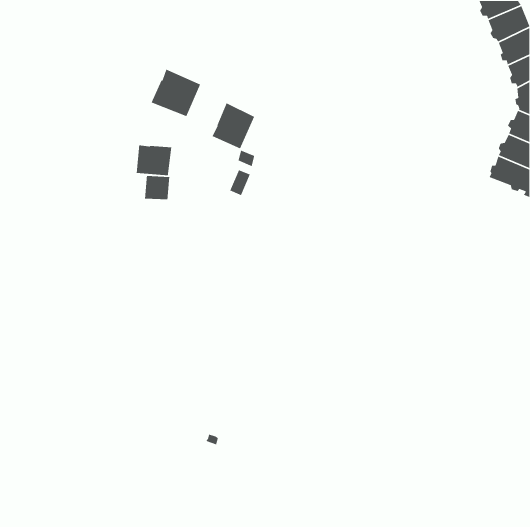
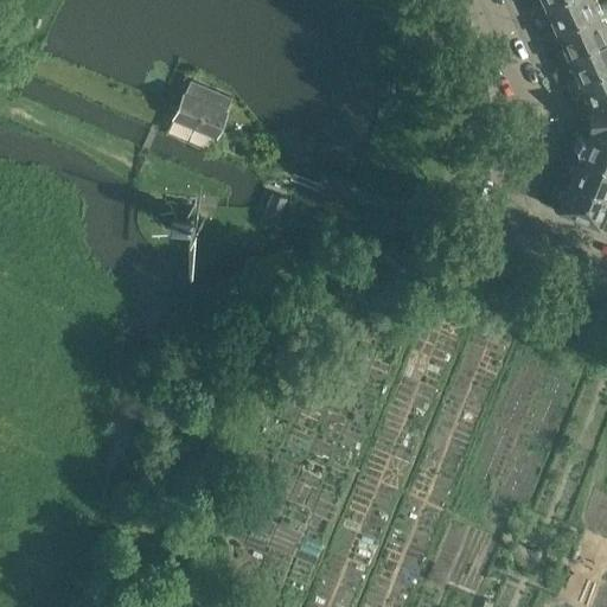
building: [211,102,255,149] -> none
building: [136,144,172,176] -> none

